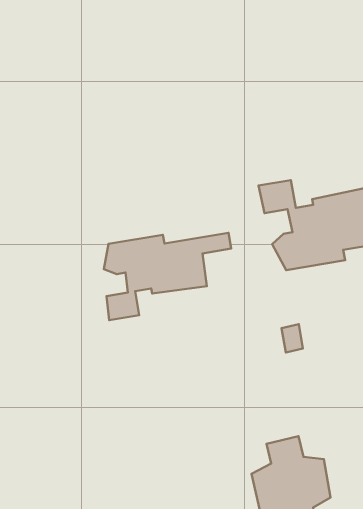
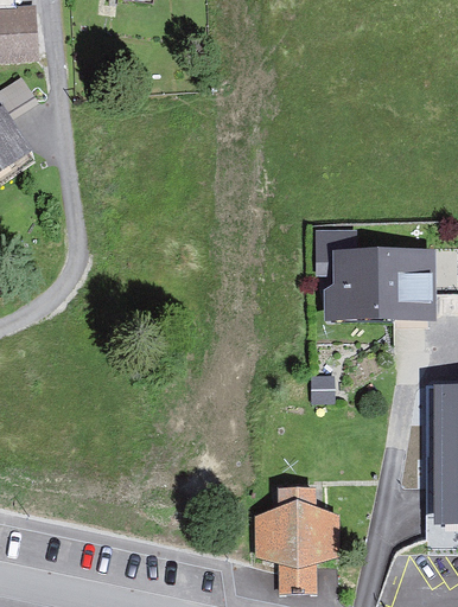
building: [104,233,231,320] -> none

